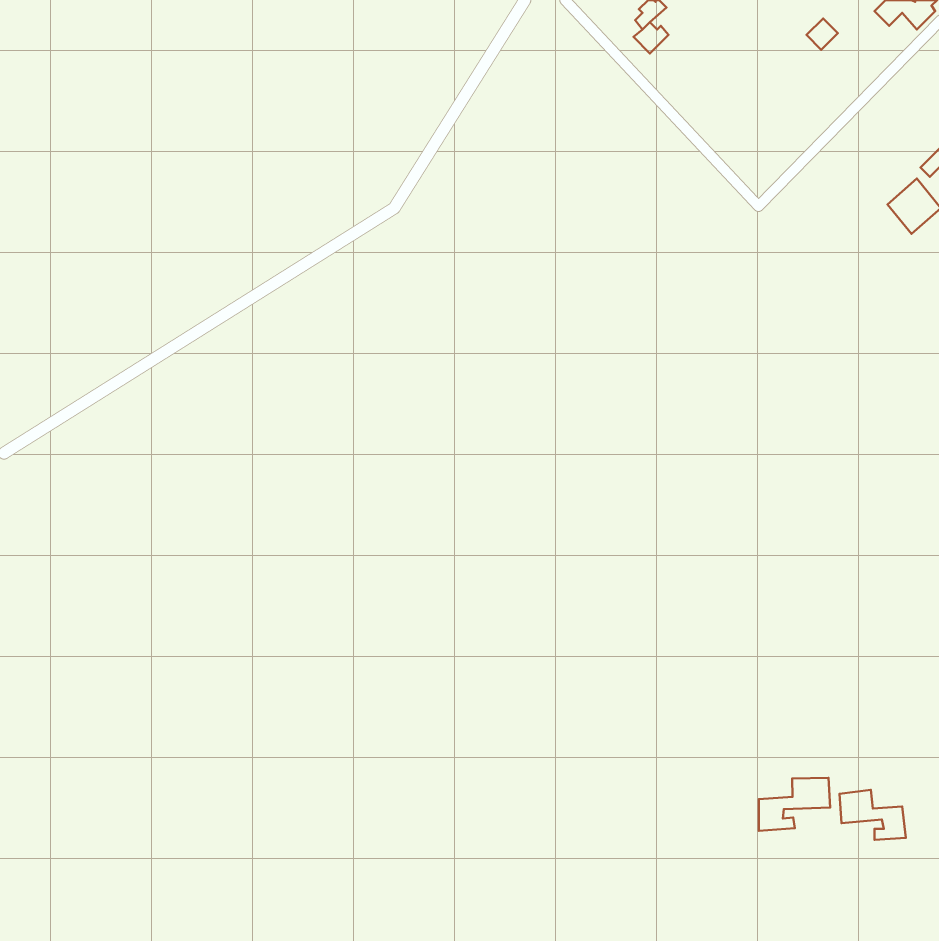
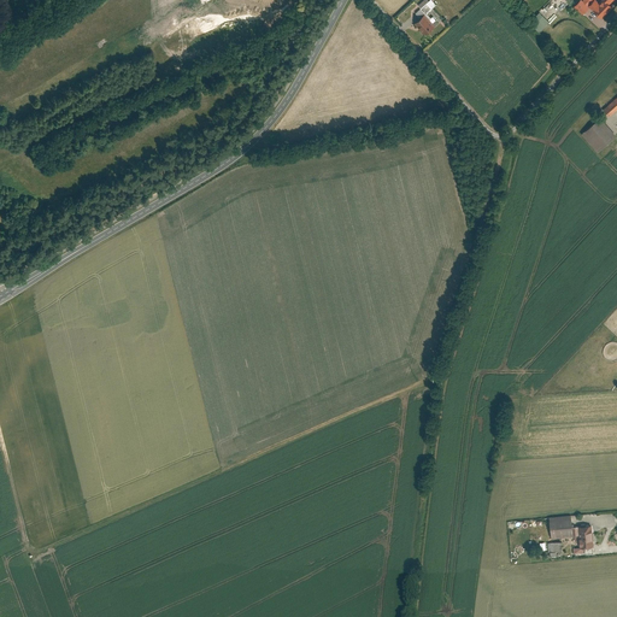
building: [759,778,830,831] -> none

